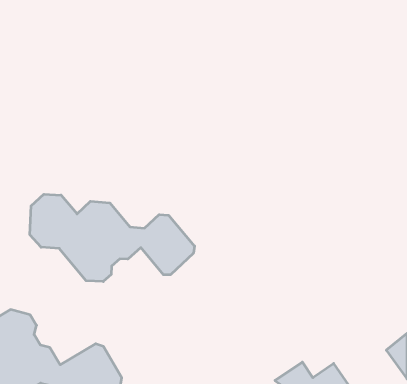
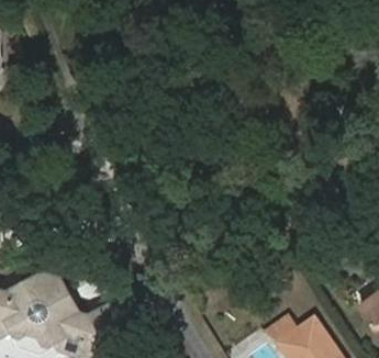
building: [30,194,195,282] -> none

